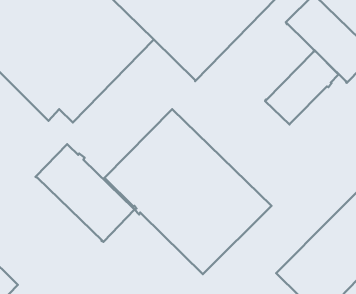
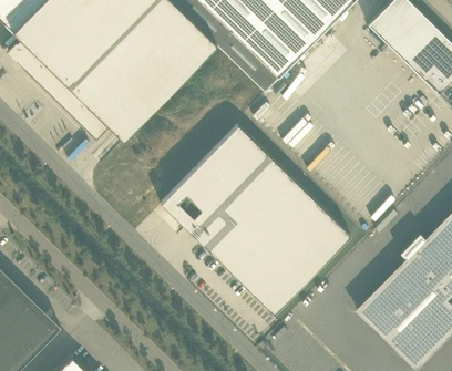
building: [265,50,339,124] -> none
building: [35,144,134,242] -> none

